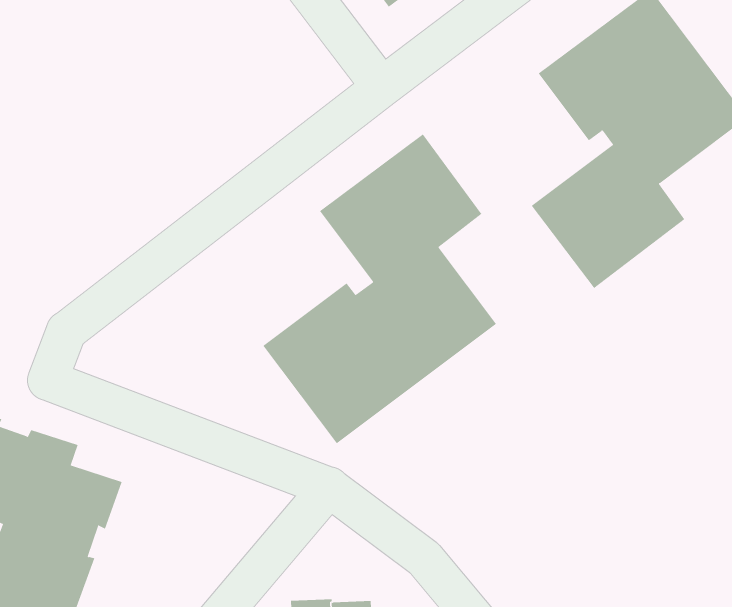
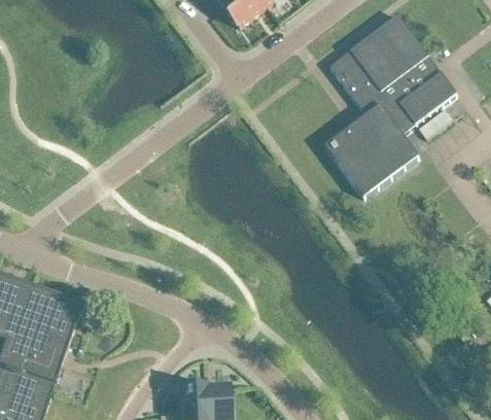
building: [262,133,497,444] -> none

